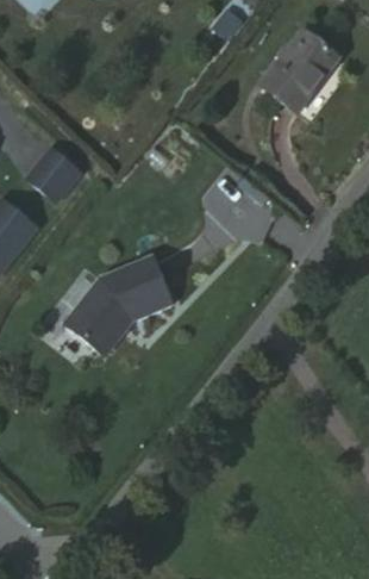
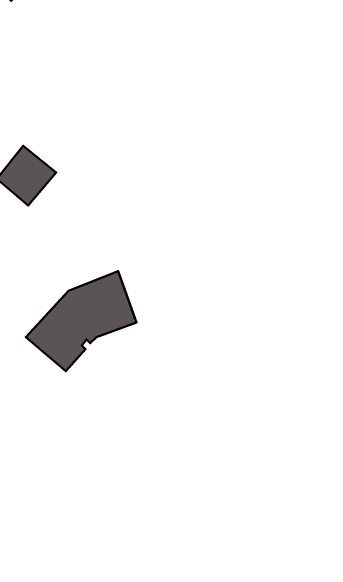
building: [255,42,332,123] -> none

